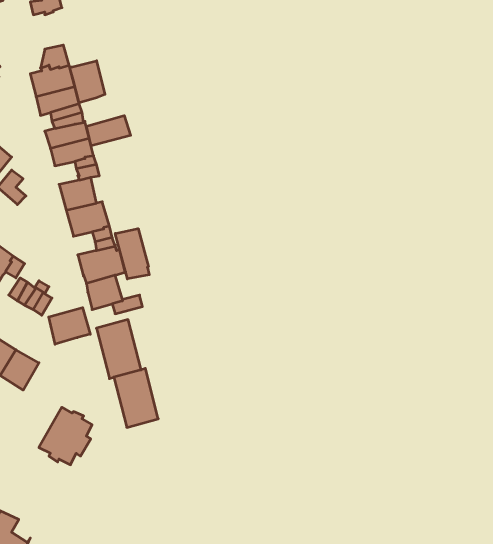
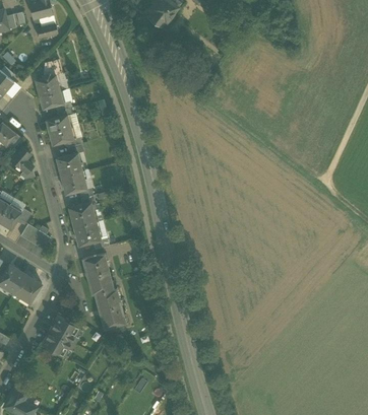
building: [70,61,105,103] -> none
building: [86,116,131,146] -> none
building: [115,229,149,279] -> none
building: [49,308,90,344] -> none

